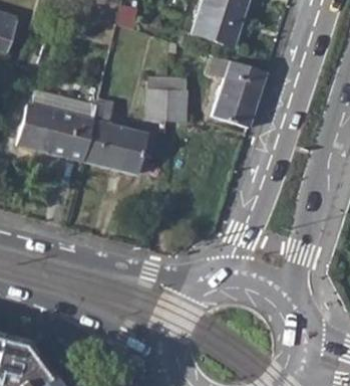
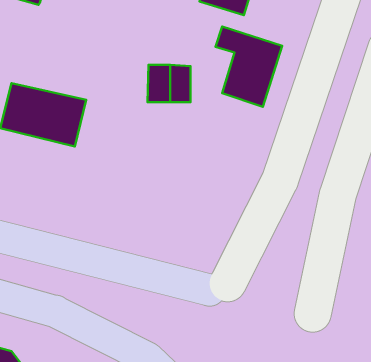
building: [84,99,147,173] -> none

